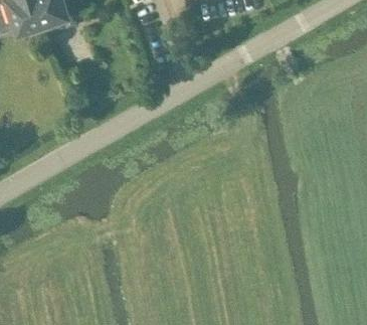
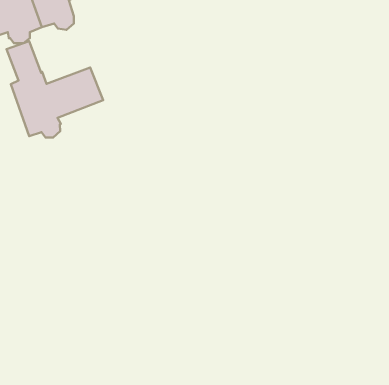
building: none -> [7,41,103,138]

